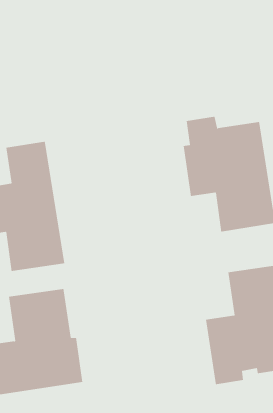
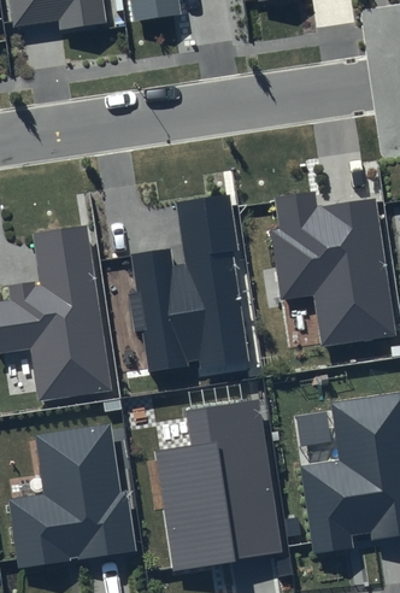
building: none -> [131,193,251,376]
building: none -> [154,398,283,570]

